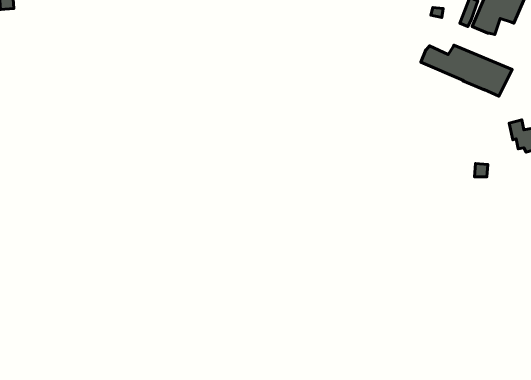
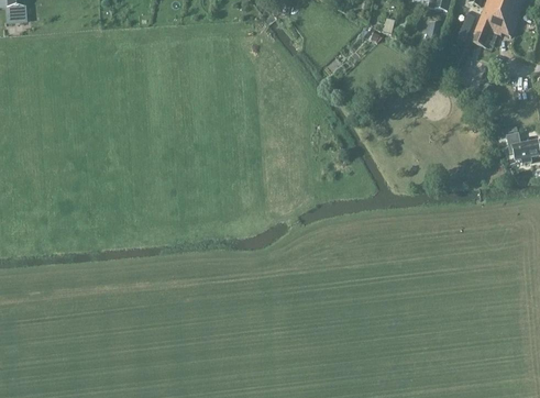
building: [421,45,512,96] -> none

